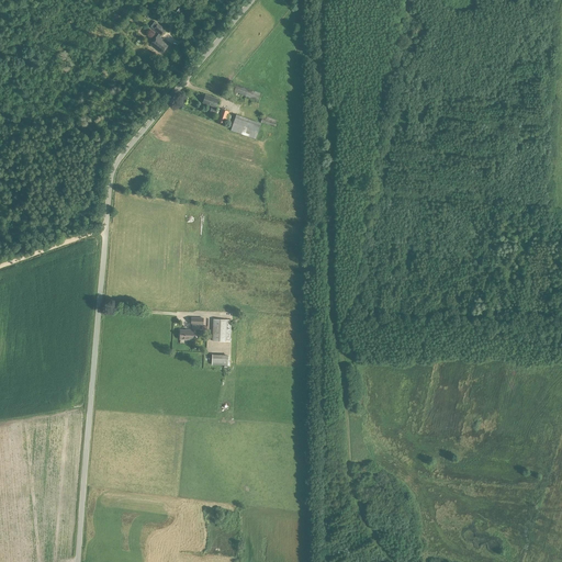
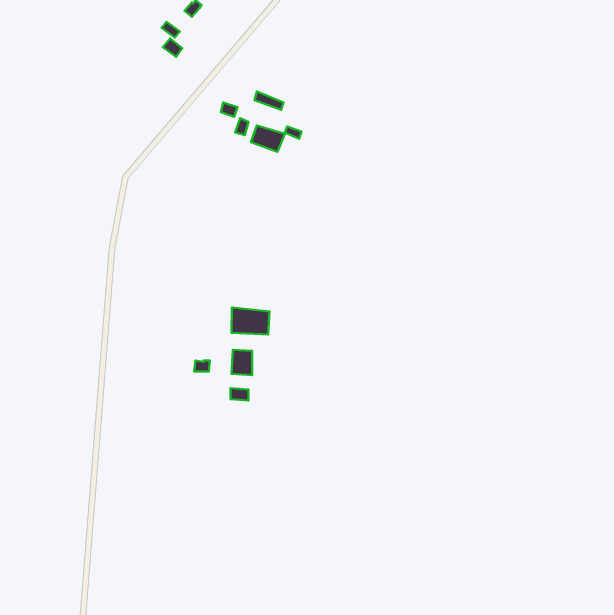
building: none -> [232,308,269,335]

